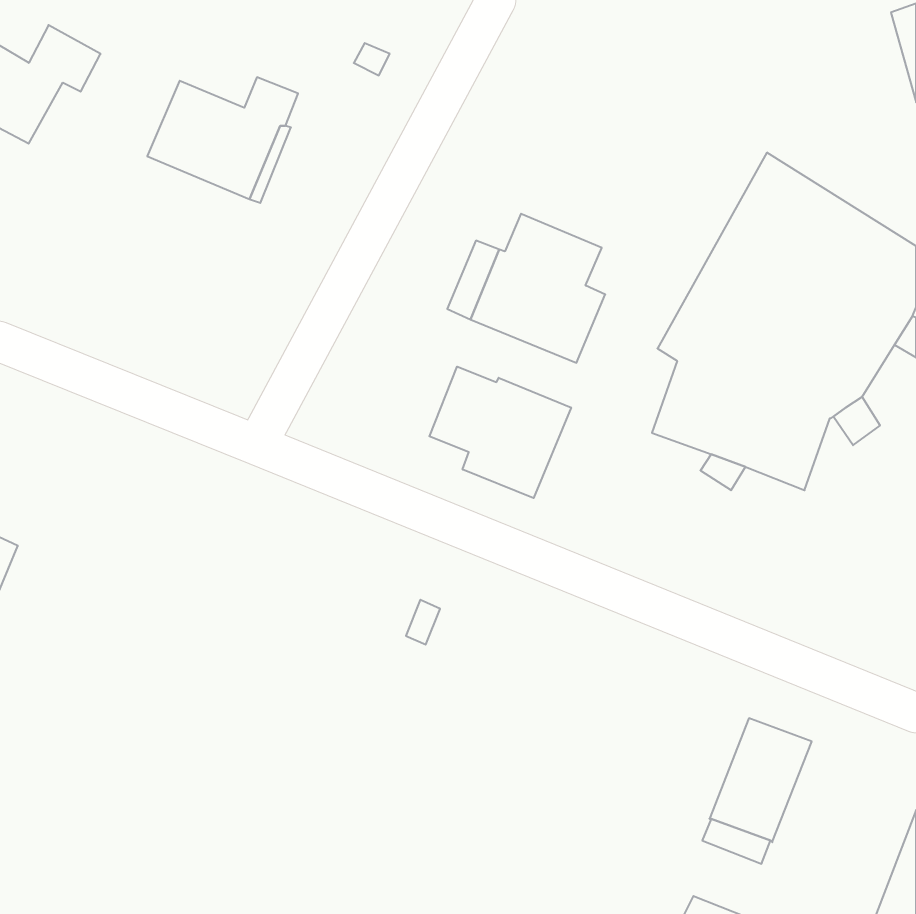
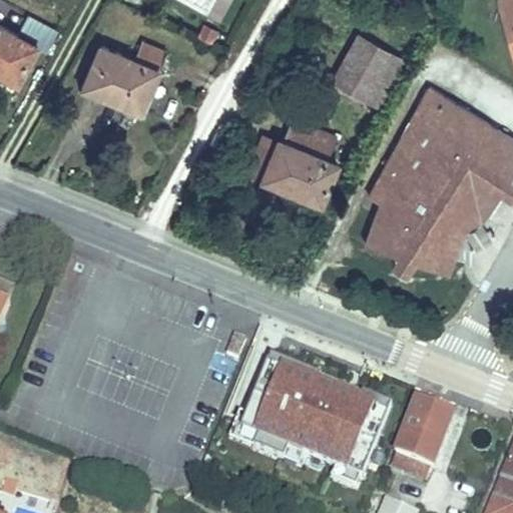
building: none -> [329,31,405,108]
building: [429,367,571,498] -> none
building: none -> [240,361,390,481]

